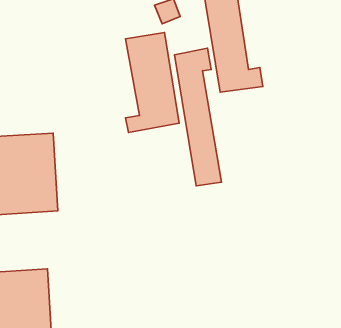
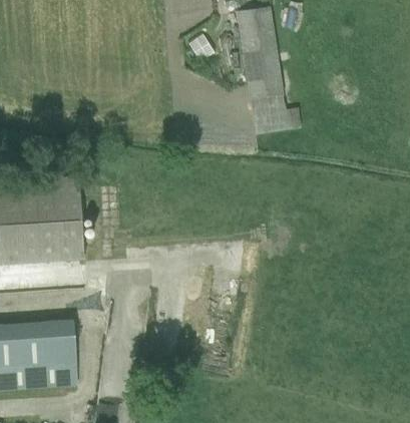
building: [126,33,179,132] -> none
building: [175,48,221,186] -> none

